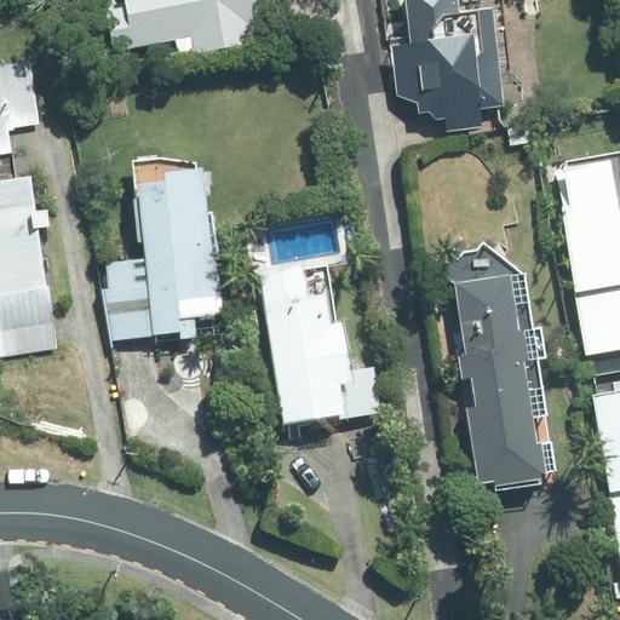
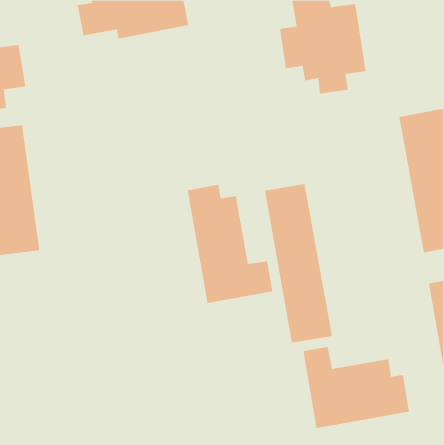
building: [102,163,219,343] -> none
building: [450,270,546,492] -> [264,184,333,343]
building: none -> [303,346,409,429]

